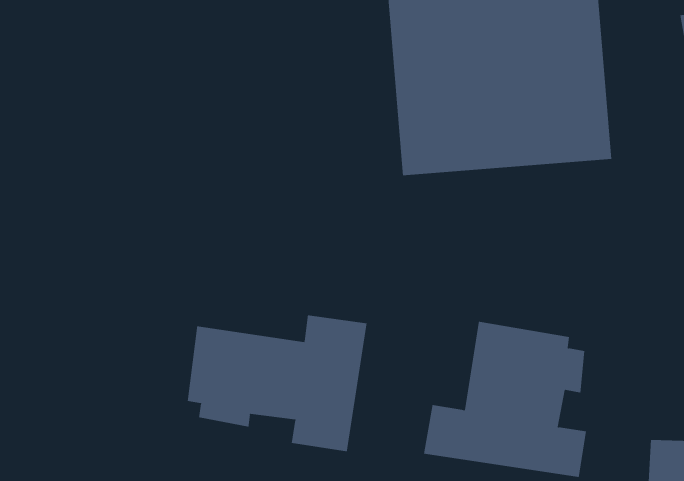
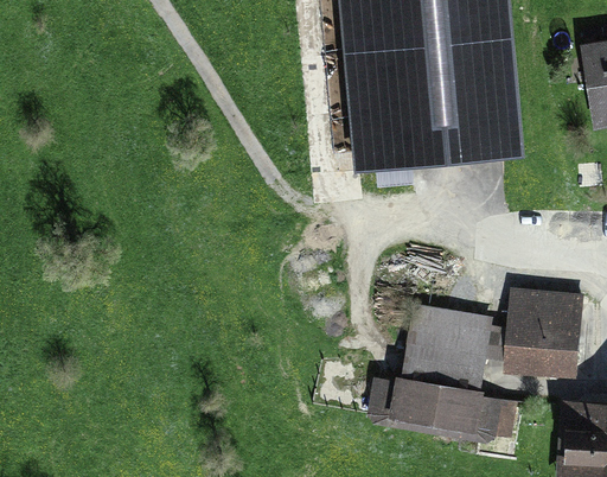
building: none -> [501,288,581,377]
building: [187,314,367,452] -> none

